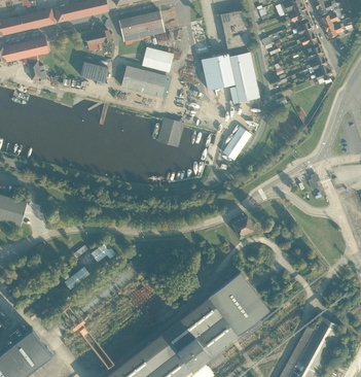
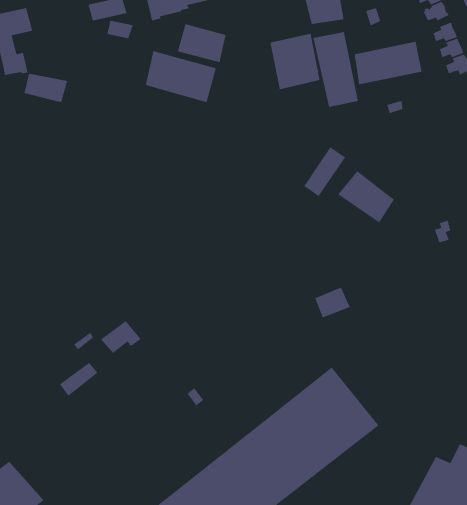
building: none -> [354,41,423,85]
building: [79,63,108,82] -> [24,73,68,103]
building: none -> [337,170,395,223]

